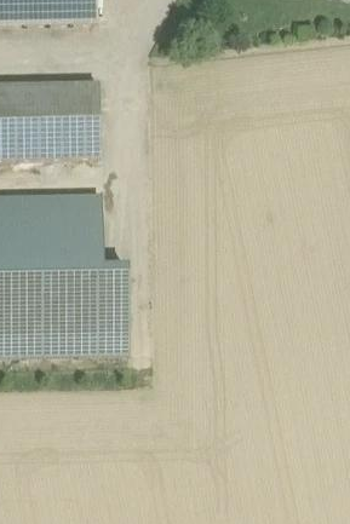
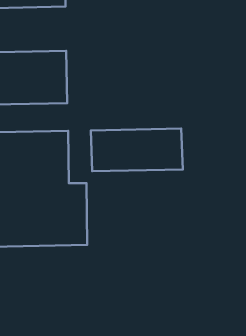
building: none -> [91,128,183,171]

